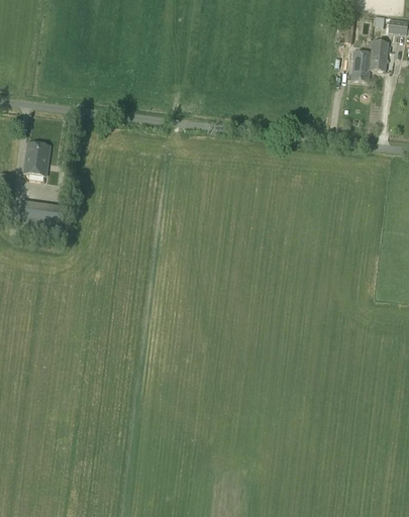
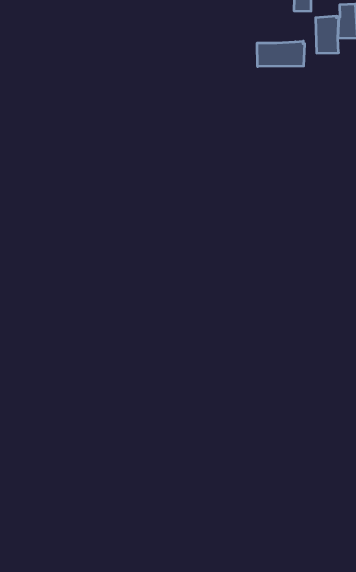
building: none -> [257,41,305,67]

